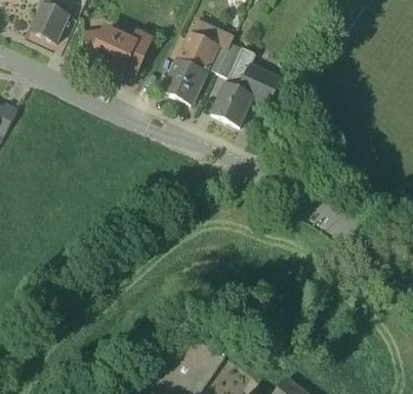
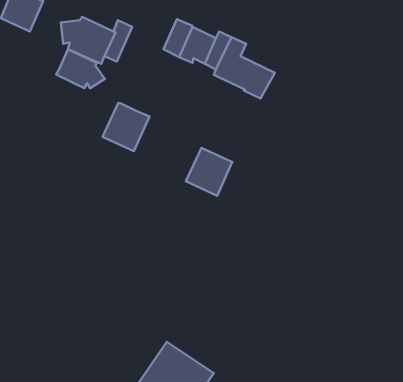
building: [163,57,206,102] -> [103,103,149,151]
building: none -> [56,49,105,88]
building: [211,81,254,125] -> [186,148,233,196]

